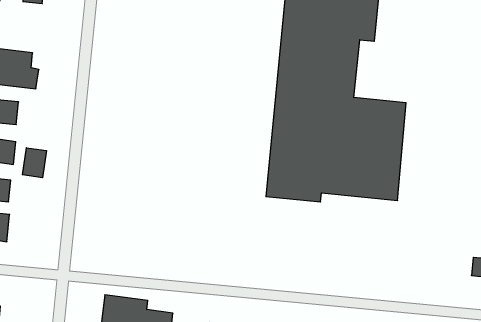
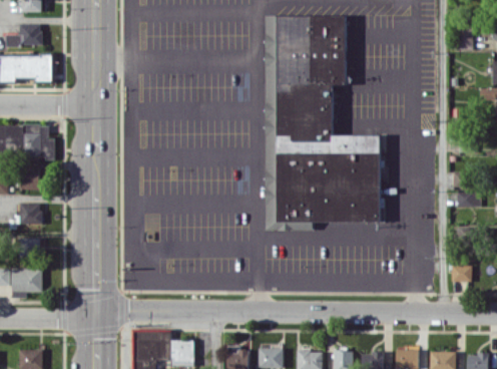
building: [22,148,46,178] -> none

